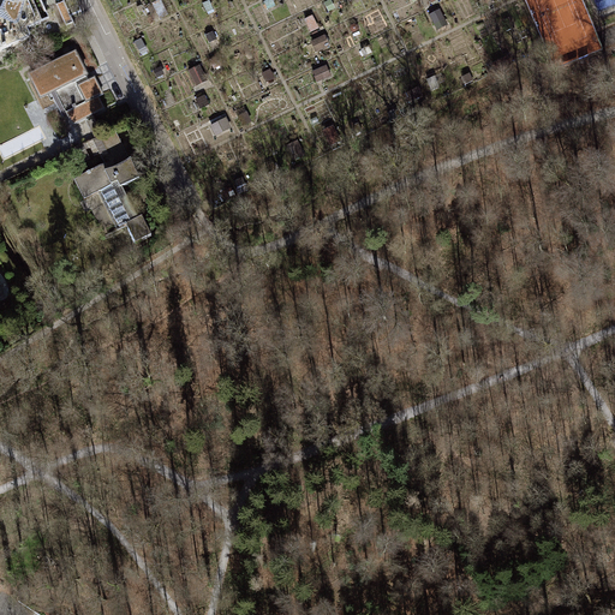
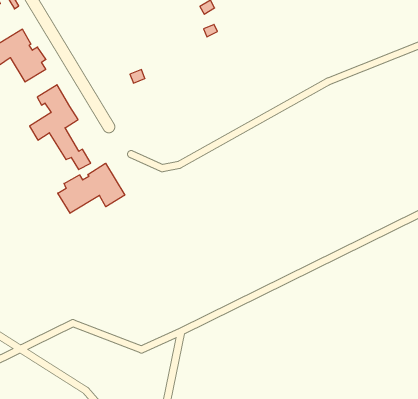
building: none -> [58,163,125,213]

